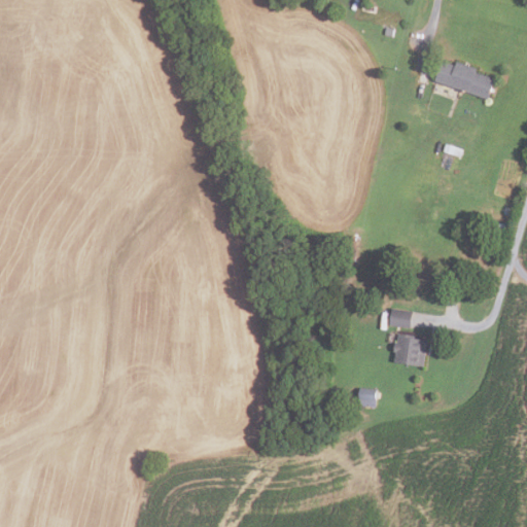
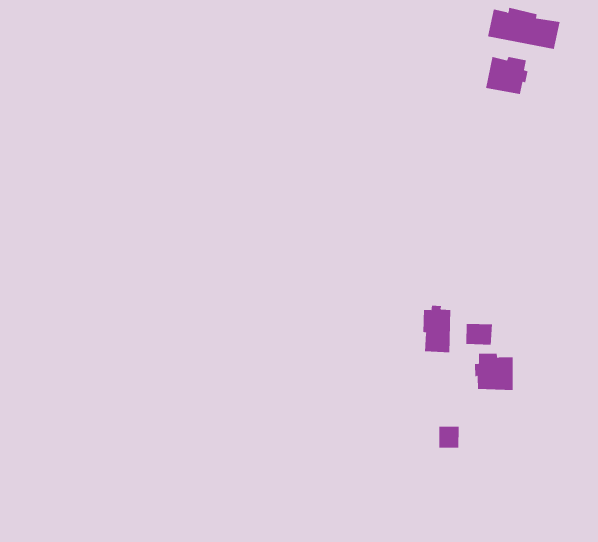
building: none -> [485,56,528,95]
building: none -> [423,305,451,353]

